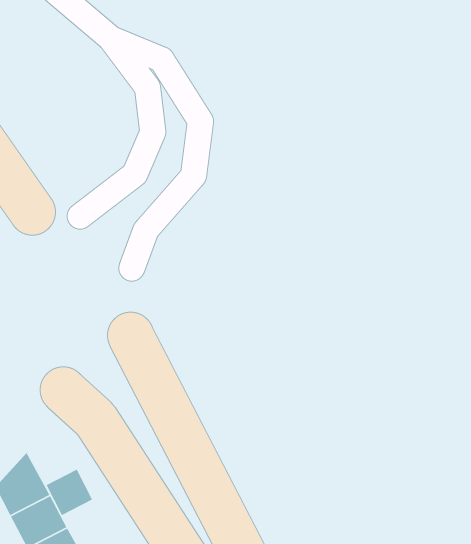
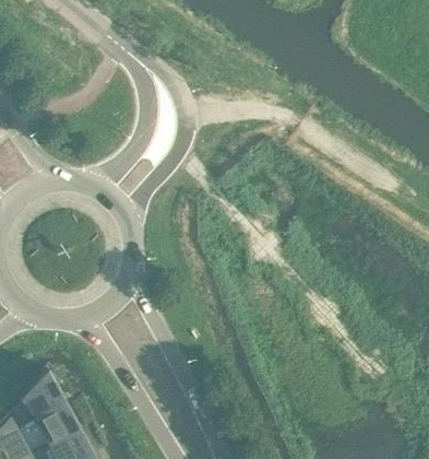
building: [45,468,93,516] -> none

